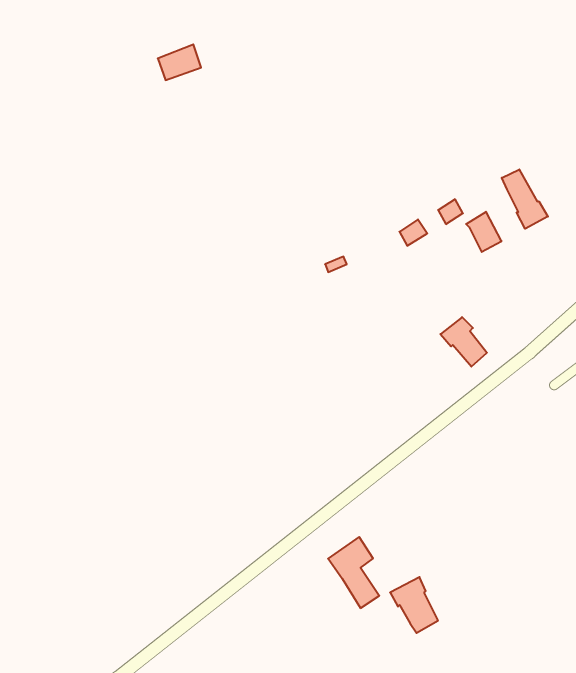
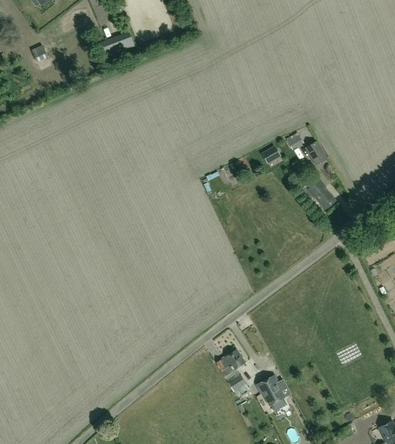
building: [502,169,548,229] -> none
building: [440,317,487,367] -> [306,178,336,210]

